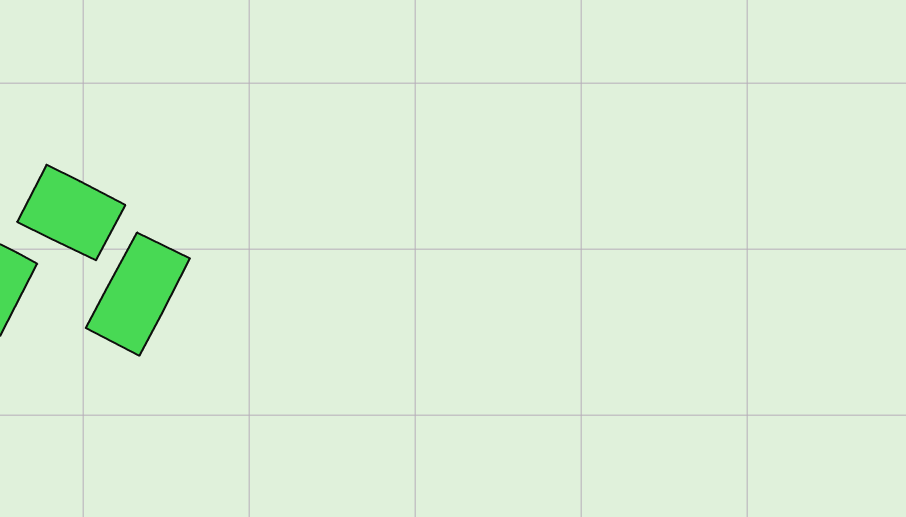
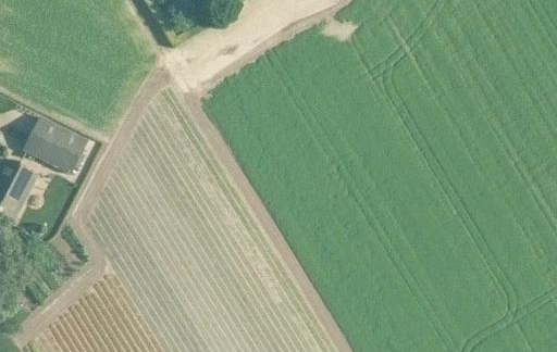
building: [86,232,190,356] -> none

